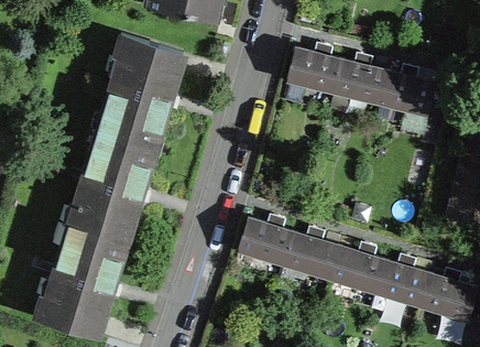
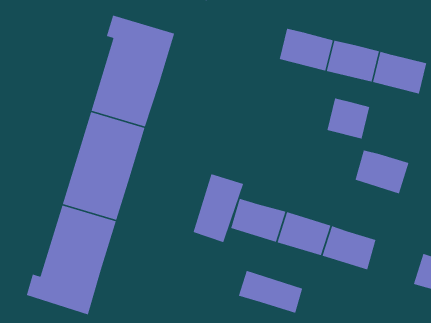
building: none -> [326,98,370,139]
building: none -> [192,173,244,243]
building: [374,261,429,306] -> [354,149,409,194]
building: none -> [238,270,303,314]

